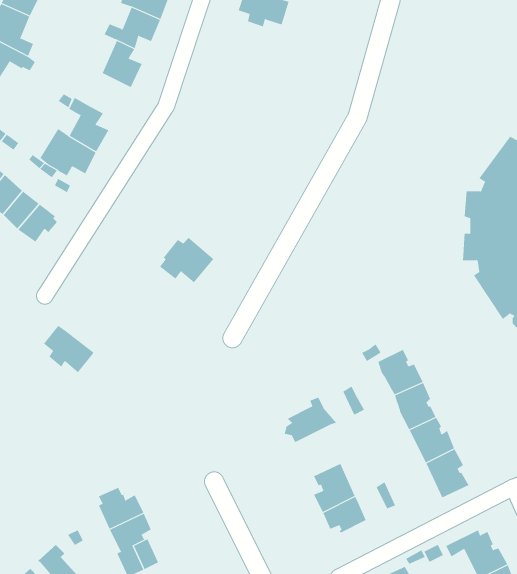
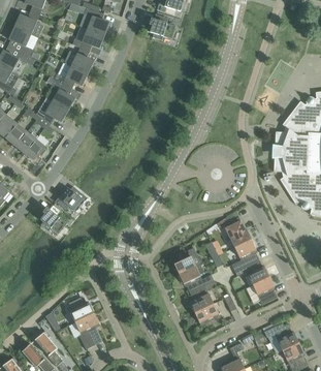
building: none -> [60,63,88,88]
building: [159,237,214,283] -> [57,185,88,211]
building: none -> [180,262,205,291]

